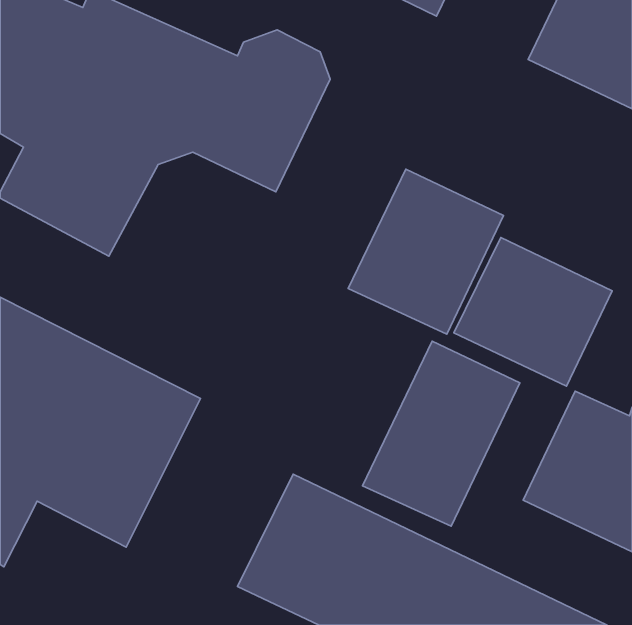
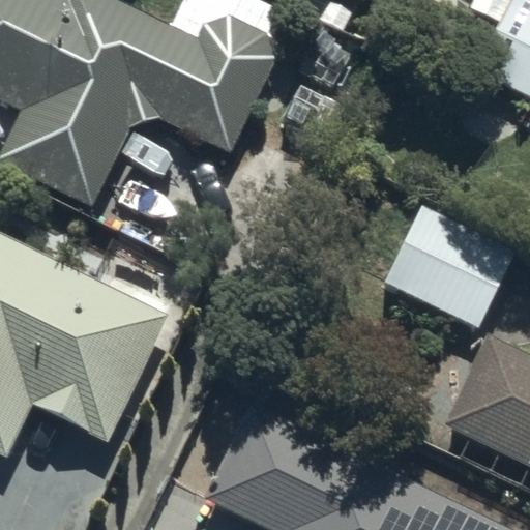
building: [348,169,503,334] -> none
building: [362,341,520,526] -> none

